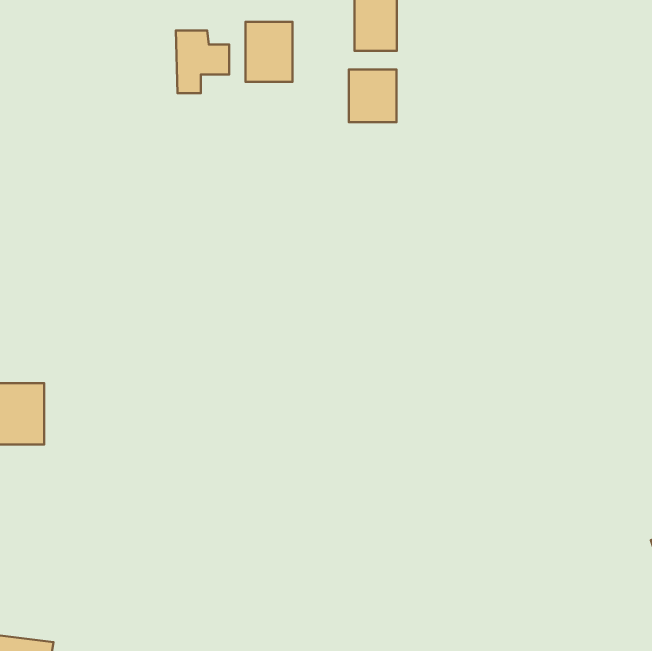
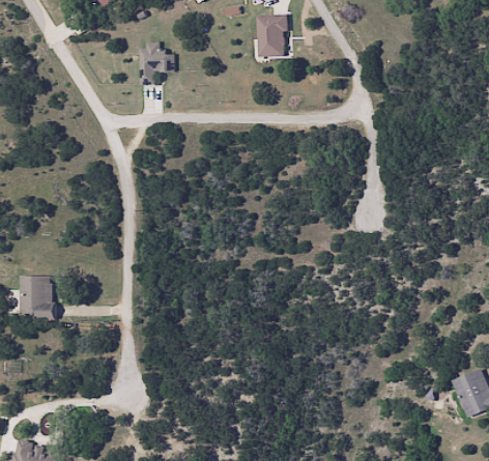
building: [245,22,293,82] -> none
building: [349,69,397,122] -> none

